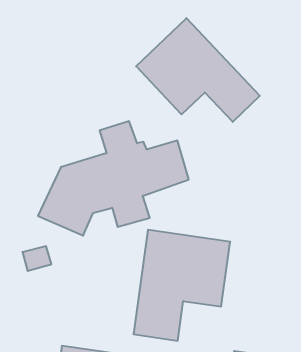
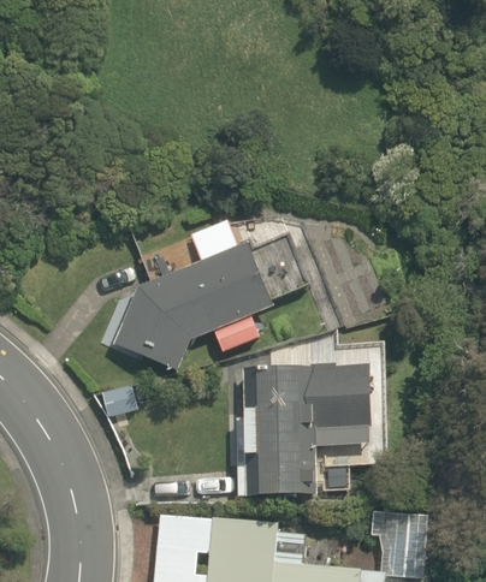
building: [136,18,260,122] -> none

